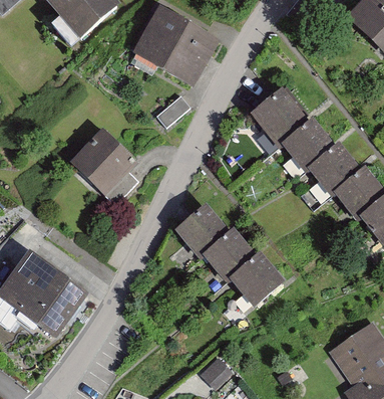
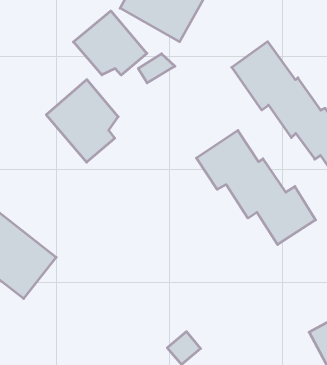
building: none -> [73,11,147,75]
building: [174,203,289,308] -> [196,130,316,245]

